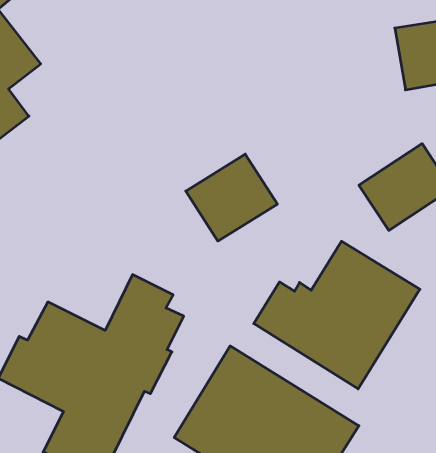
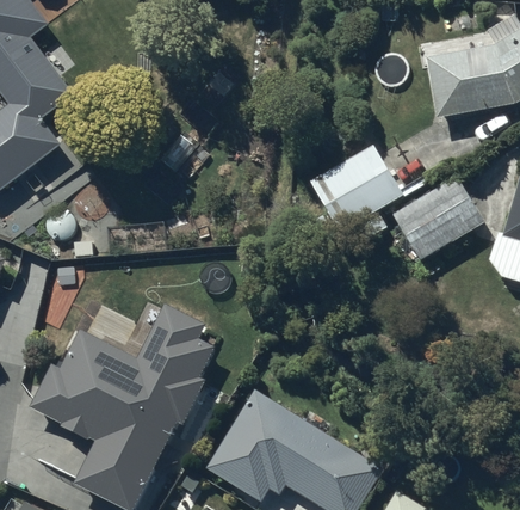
building: [186,154,277,241] -> [309,146,401,233]
building: [254,241,420,389] -> none

